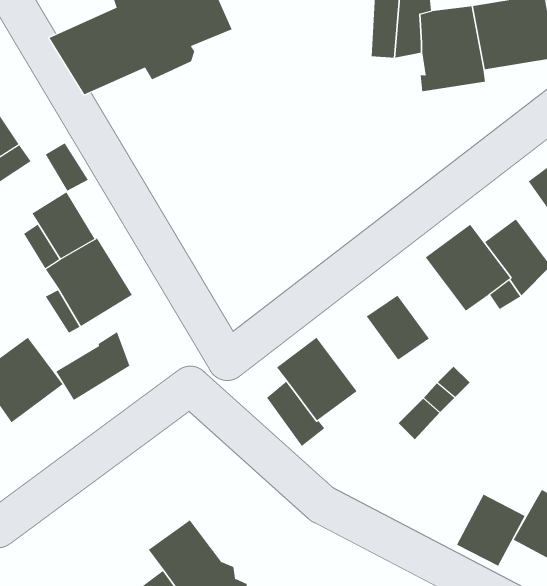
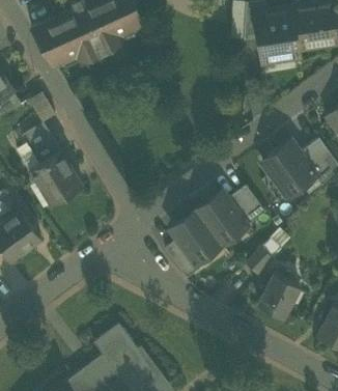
building: none -> [196,193,246,245]
building: [56,331,130,401] -> none
building: [456,494,525,567] -> [257,274,300,318]

